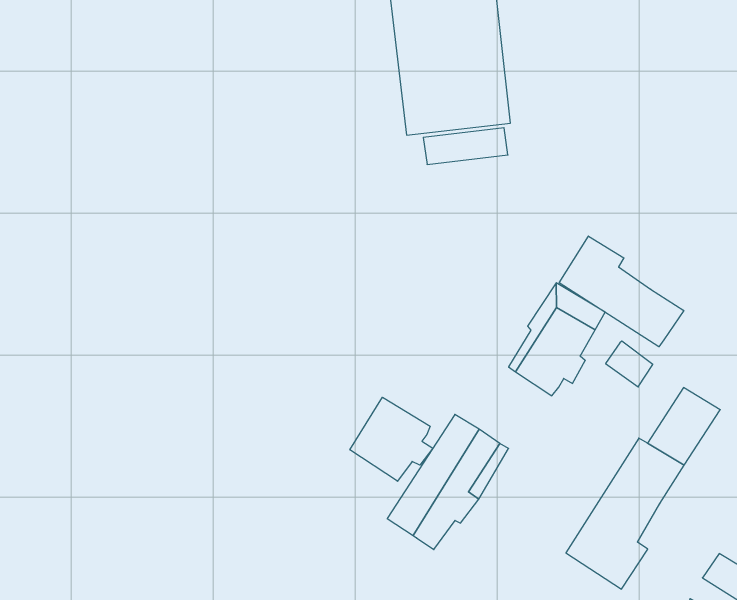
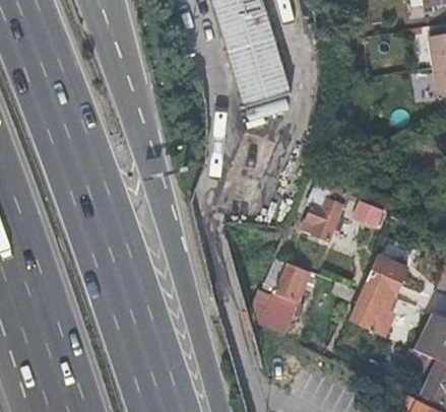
building: [559,236,684,347] -> none
building: [350,397,433,481] -> none

